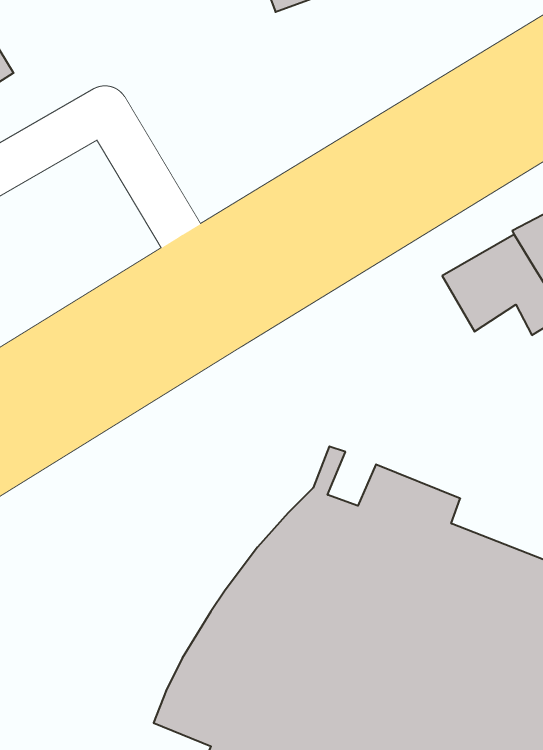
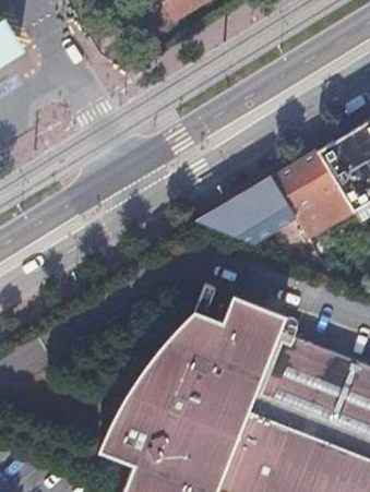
building: none -> [198,176,319,264]

